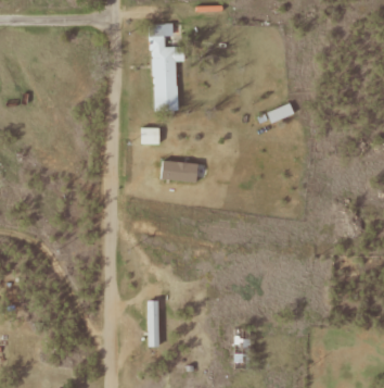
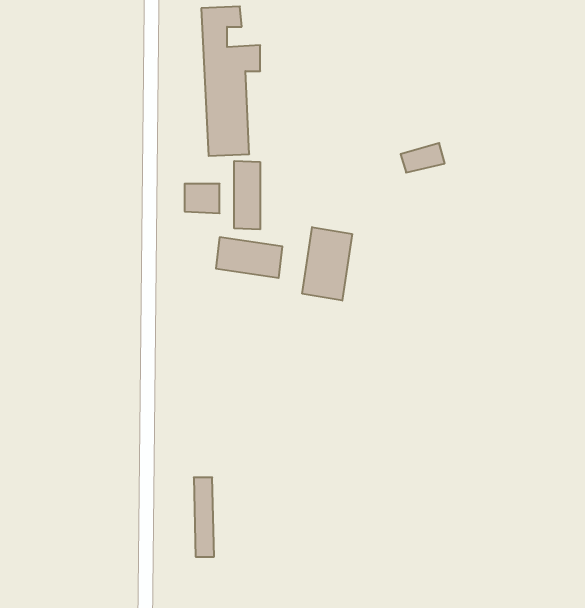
building: none -> [234,161,260,229]
building: none -> [302,227,352,301]

